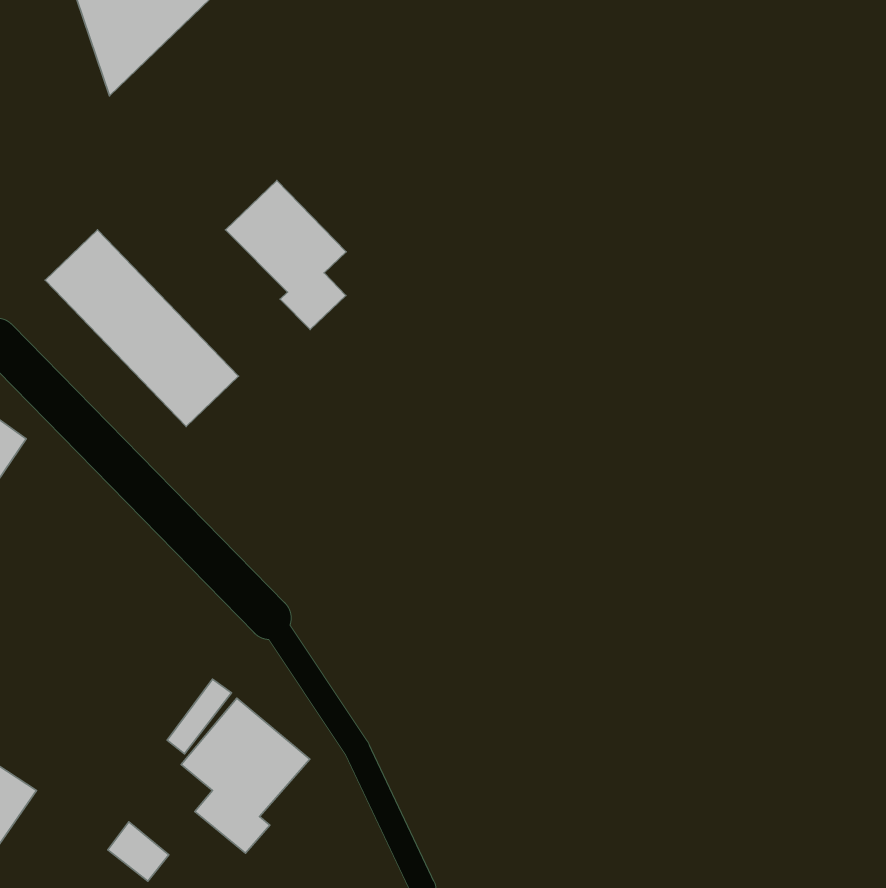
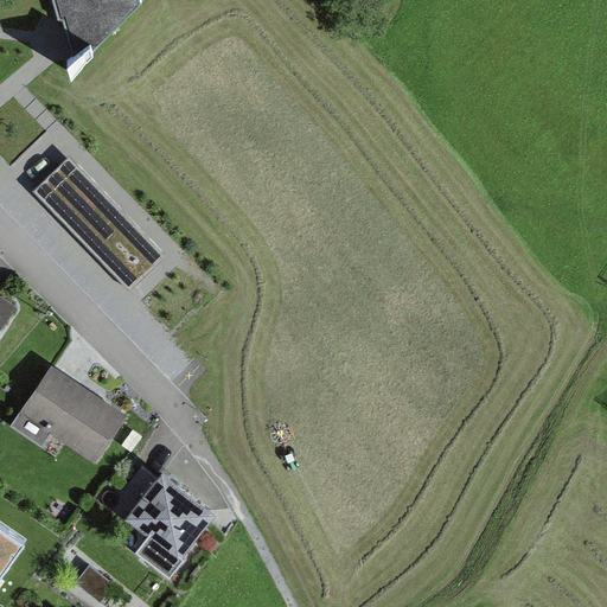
building: [225,180,346,329] -> none
building: none -> [12,366,123,461]

